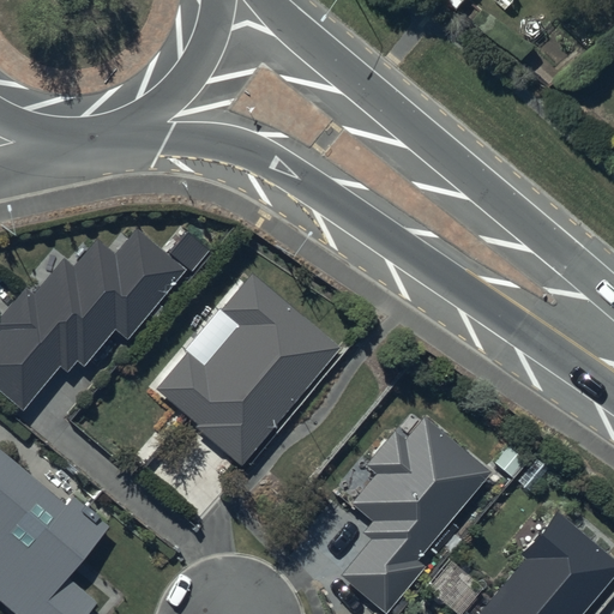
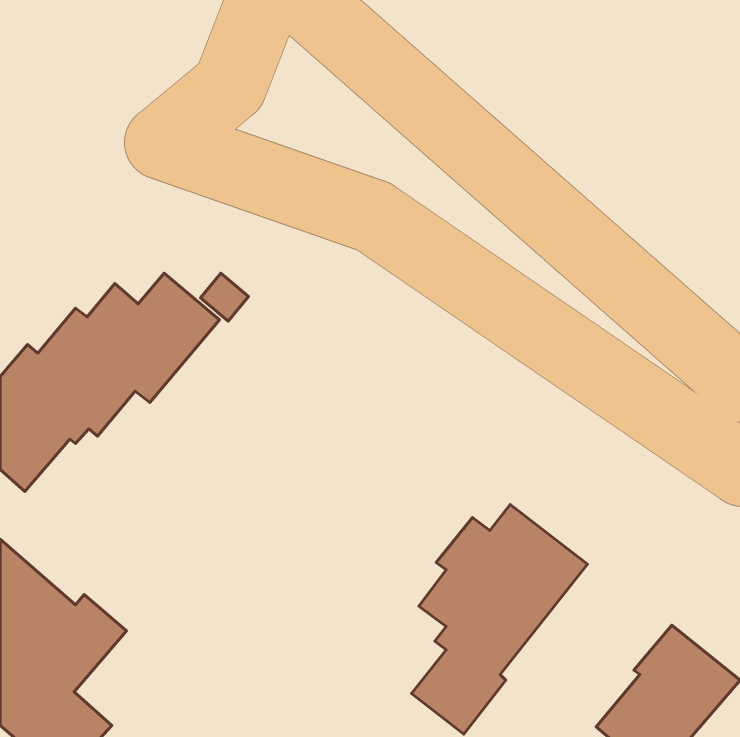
building: [156,275,338,464] -> none

